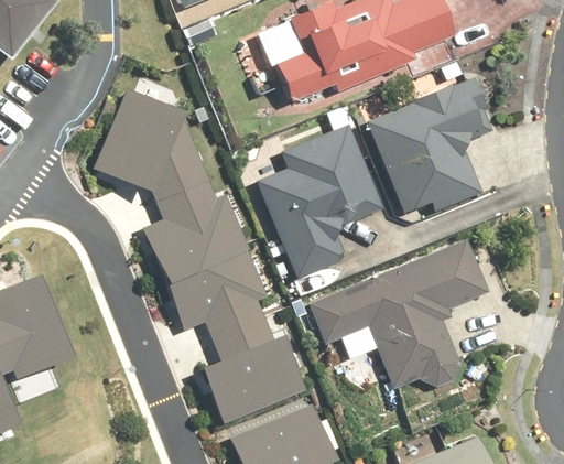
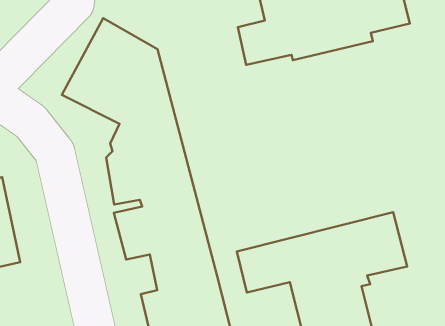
building: [361,82,491,217] -> none
building: [251,126,379,282] -> none

